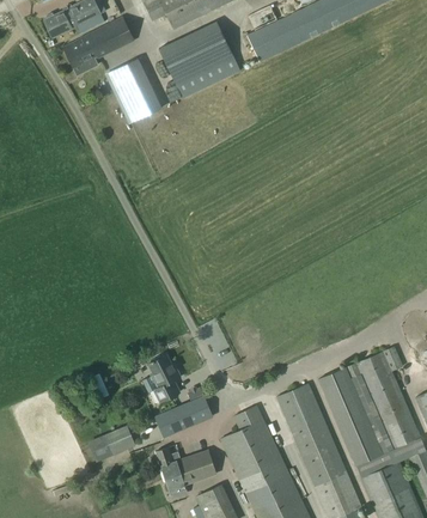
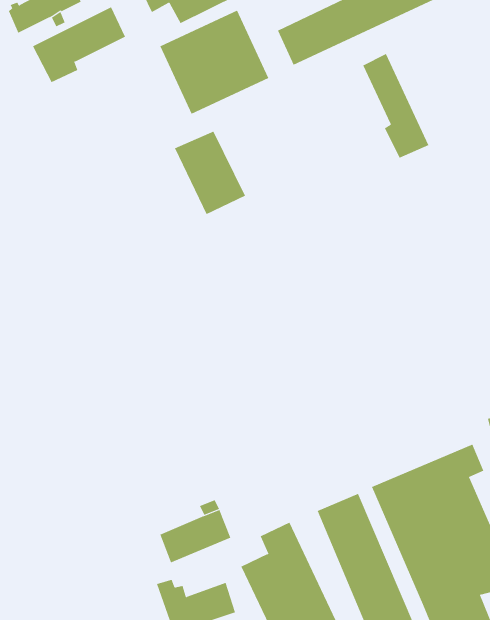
building: none -> [362,53,429,159]
building: [106,59,160,122] -> [174,131,246,215]
building: [147,353,179,400] -> none
building: [104,427,135,456] -> none

